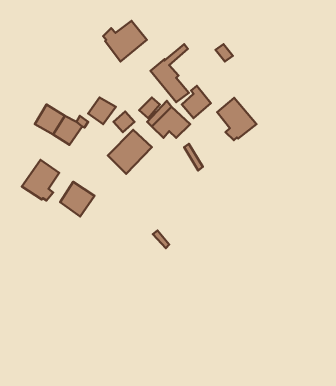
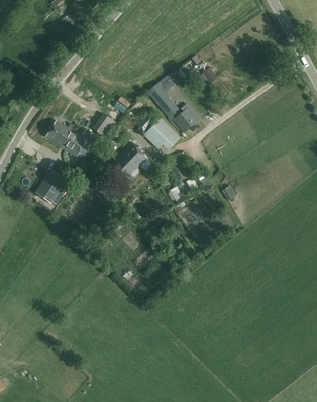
building: [103,21,147,61] -> none
building: [217,98,257,140] -> none
building: [60,182,94,216] -> none

